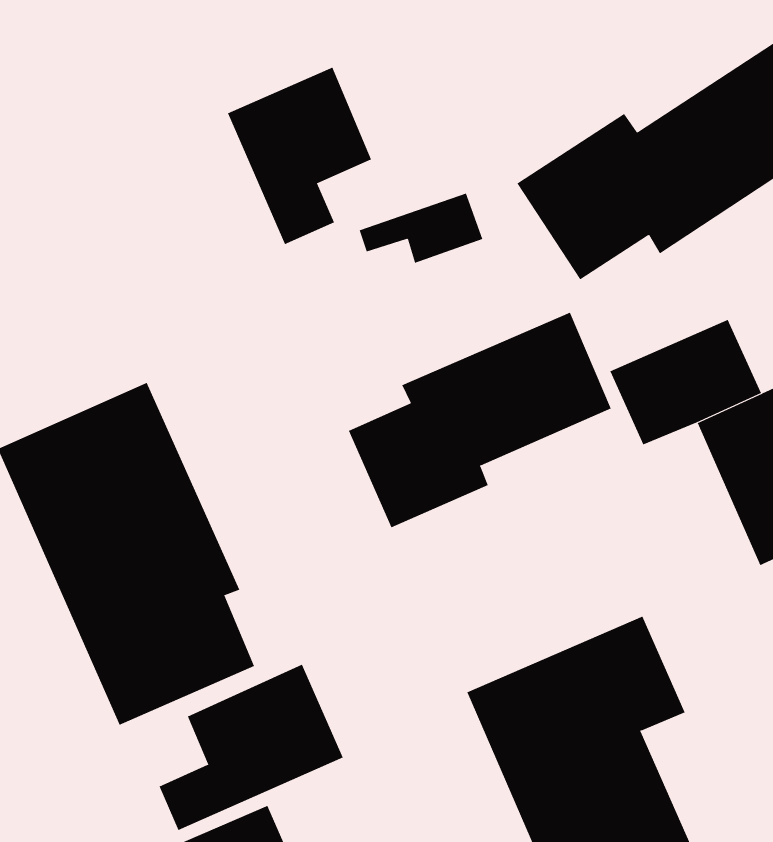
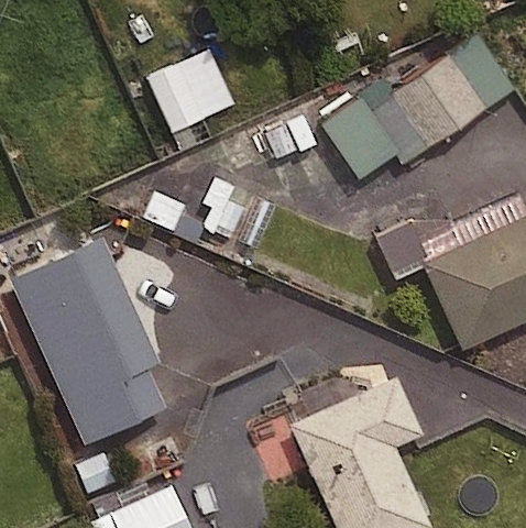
building: [348,312,612,528] -> none
building: [159,664,343,831] -> none

